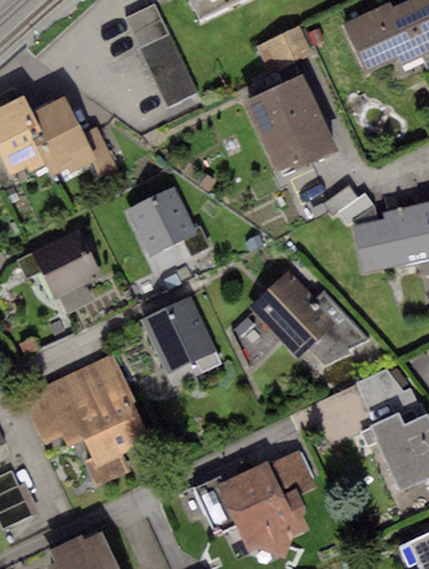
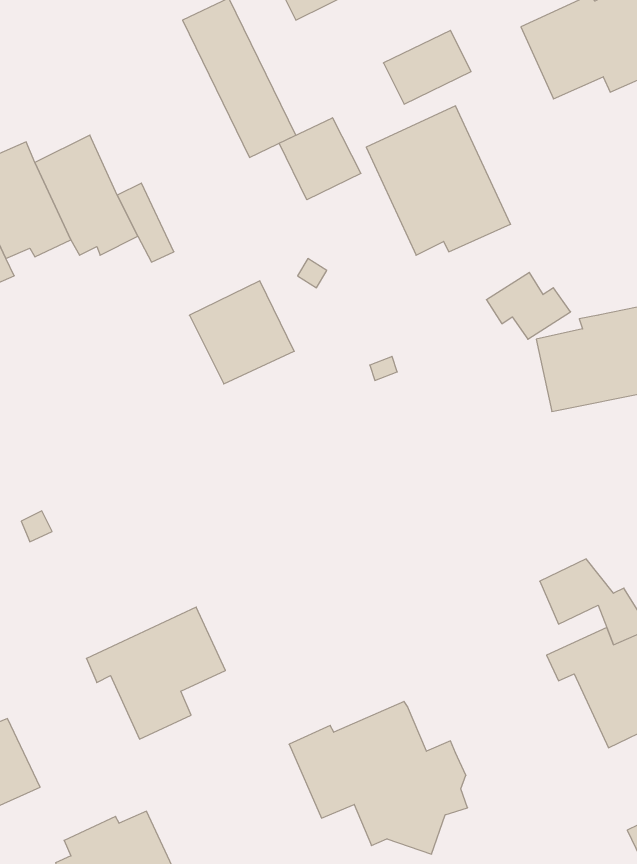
building: none -> [279,118,361,200]
building: [32,228,104,312] -> none
building: [250,271,369,366] -> none
building: [141,297,222,386] -> none
building: [22,355,133,441] -> none
building: [270,450,317,493] -> none

